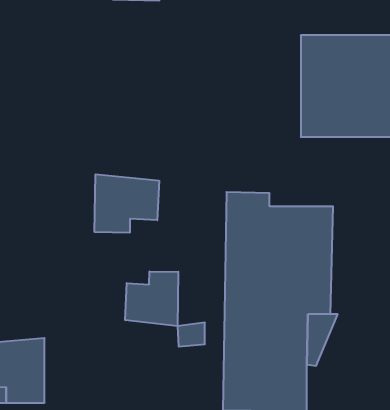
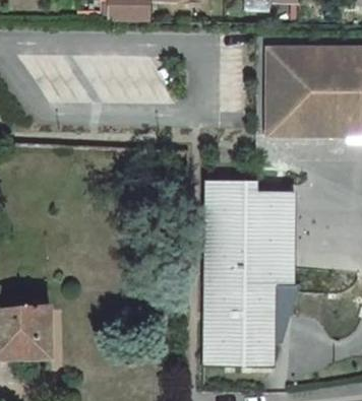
building: [95,174,159,233] -> none
building: [125,271,178,326] -> none

